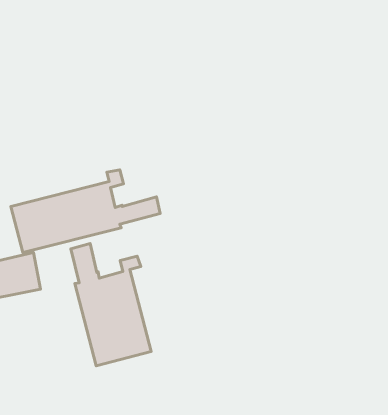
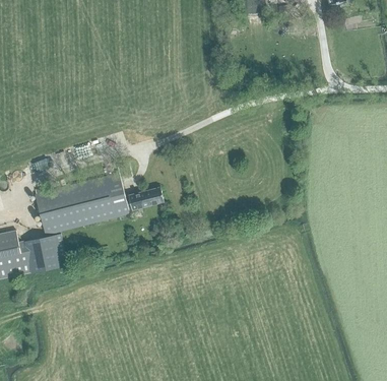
building: [71,243,151,366] -> none

